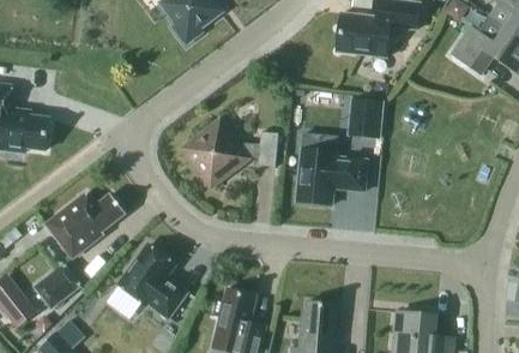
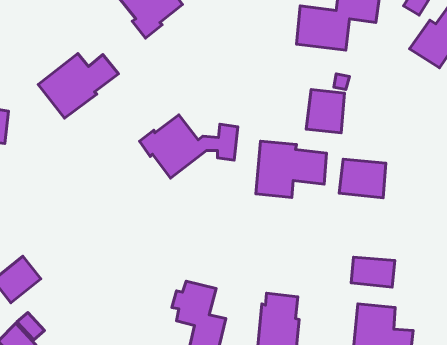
building: none -> [339,159,386,198]
building: [46,191,126,256] -> [38,53,119,118]
building: [119,243,187,317] -> none
building: none -> [351,257,395,287]

